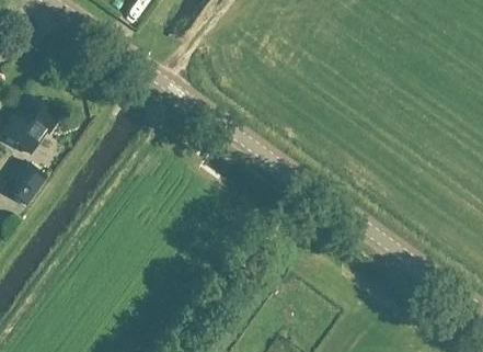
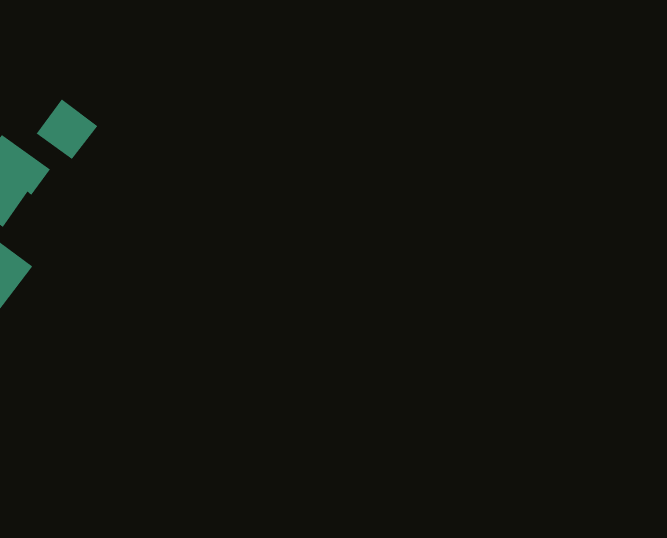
building: none -> [36,98,98,160]

